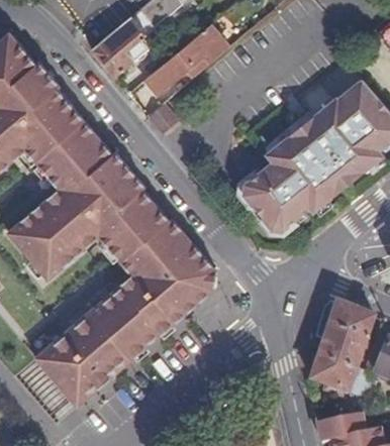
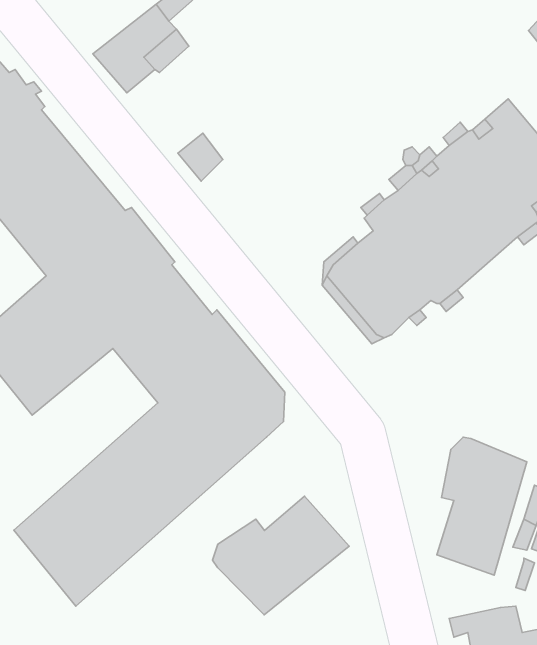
building: [142,23,225,96] -> none
building: none -> [213,496,349,615]

